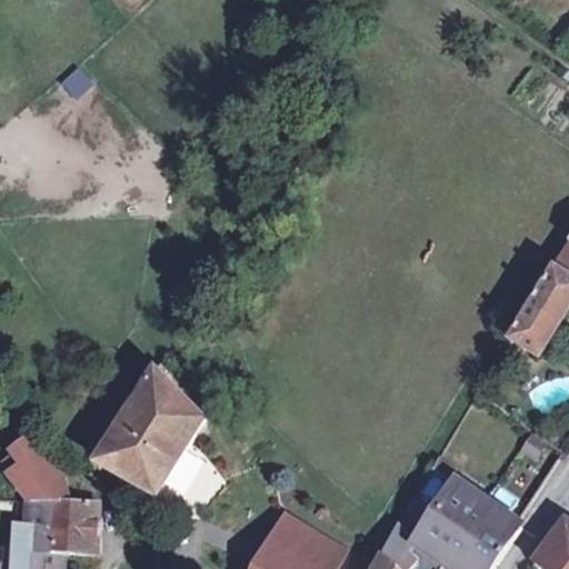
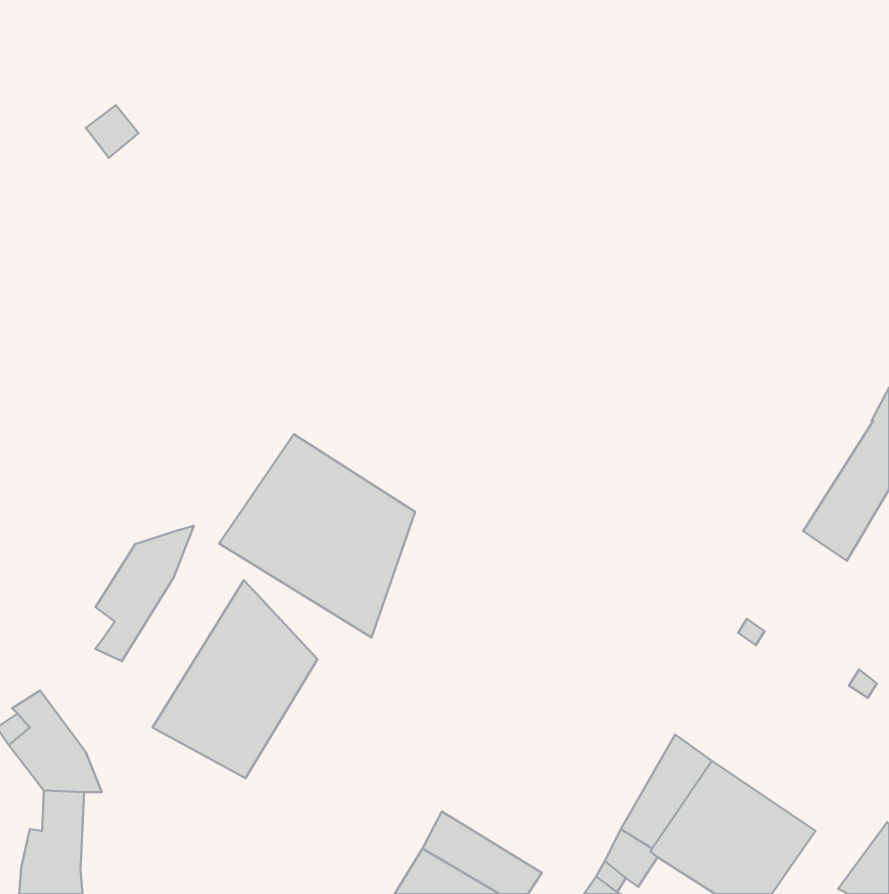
building: none -> [219,434,415,638]
building: none -> [95,526,194,661]
building: [51,501,94,555] -> none

